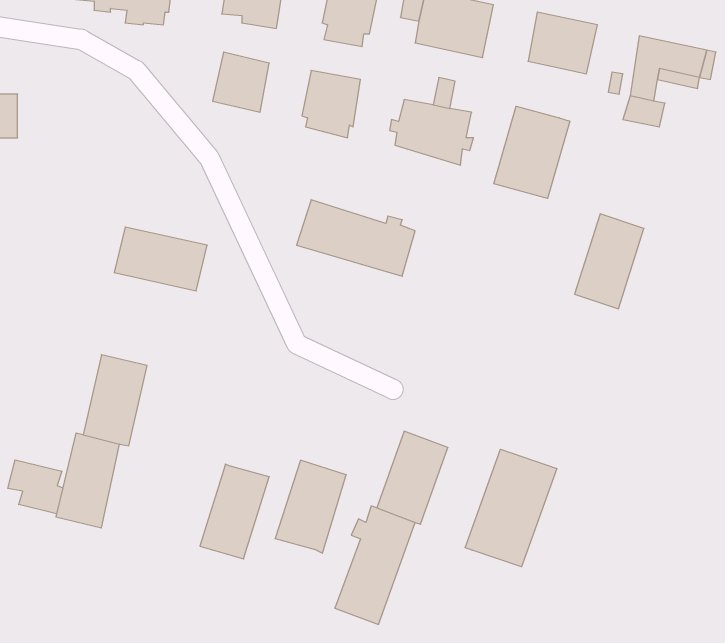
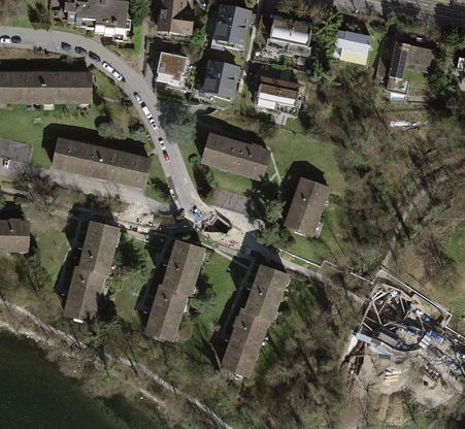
building: none -> [43,74,90,99]
building: [494,106,570,198] -> none
building: none -> [52,139,104,175]
building: [575,214,644,309] -> [287,178,326,232]
building: [465,449,557,567] -> none
building: [8,460,63,514] -> none
building: [275,460,346,553] -> [163,240,203,293]

